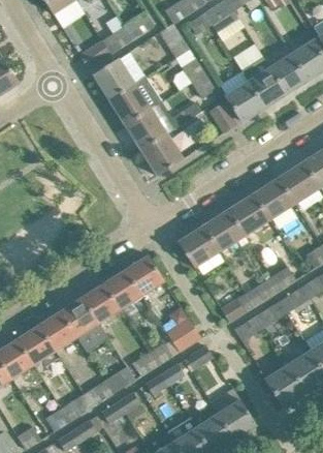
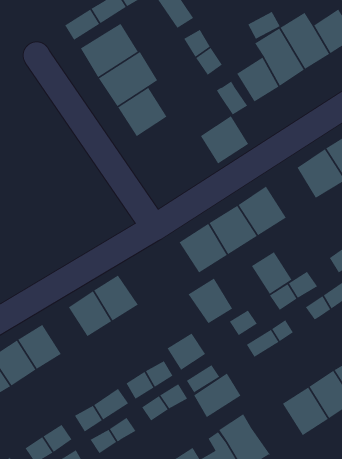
building: [140,133,183,176] -> [200,115,249,165]
building: [252,177,294,220] -> none
building: none -> [251,251,293,295]
building: [125,254,164,295] -> [188,277,233,324]
building: [60,297,105,348] -> none
building: none -> [193,373,242,418]

